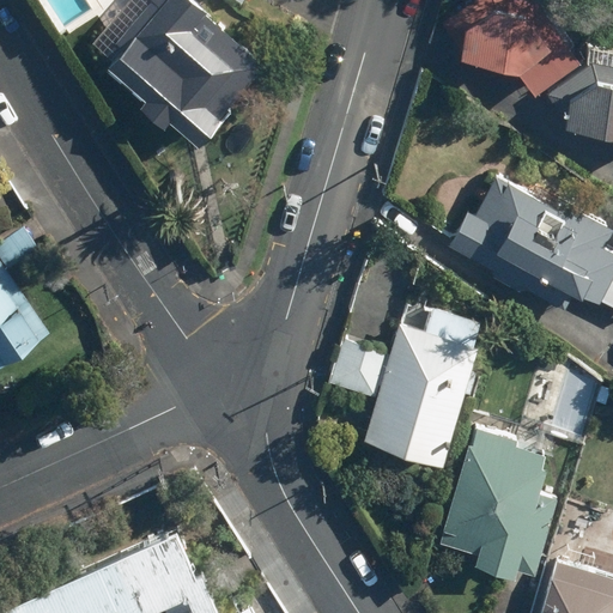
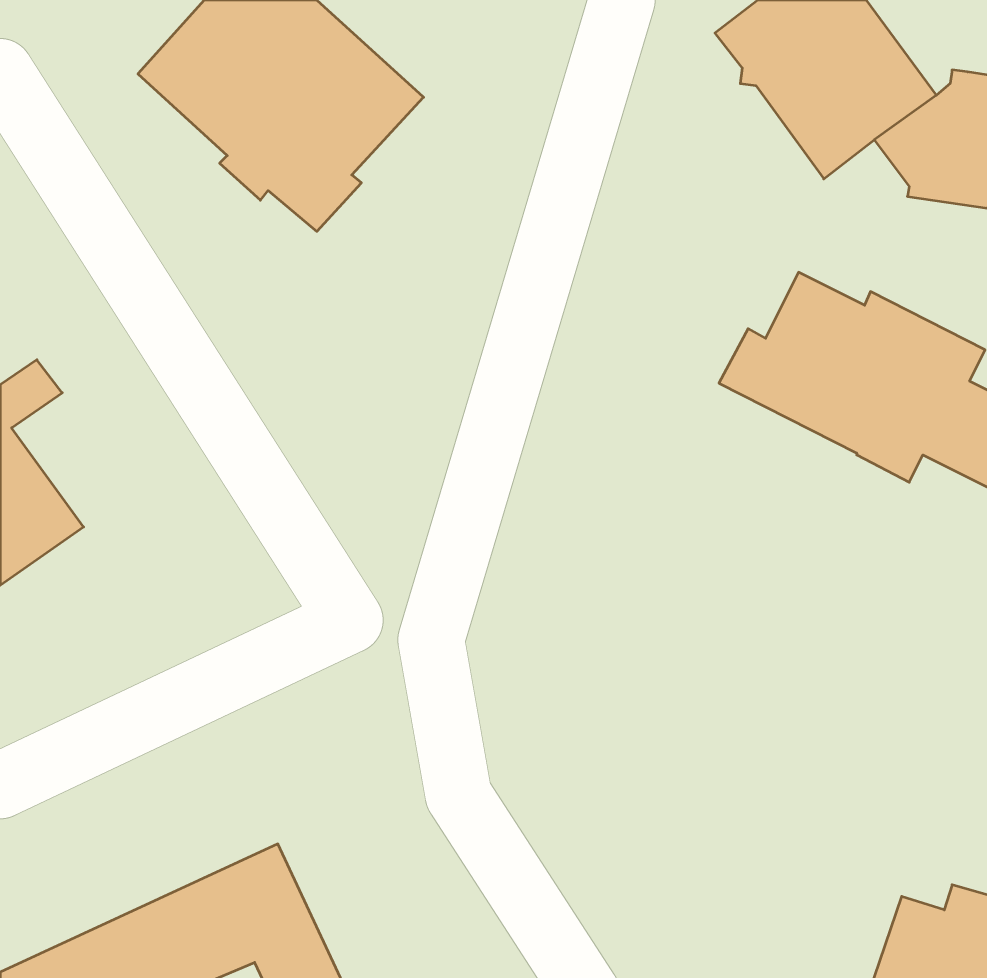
building: [329,308,481,467] -> none
building: [438,429,562,579] -> none

